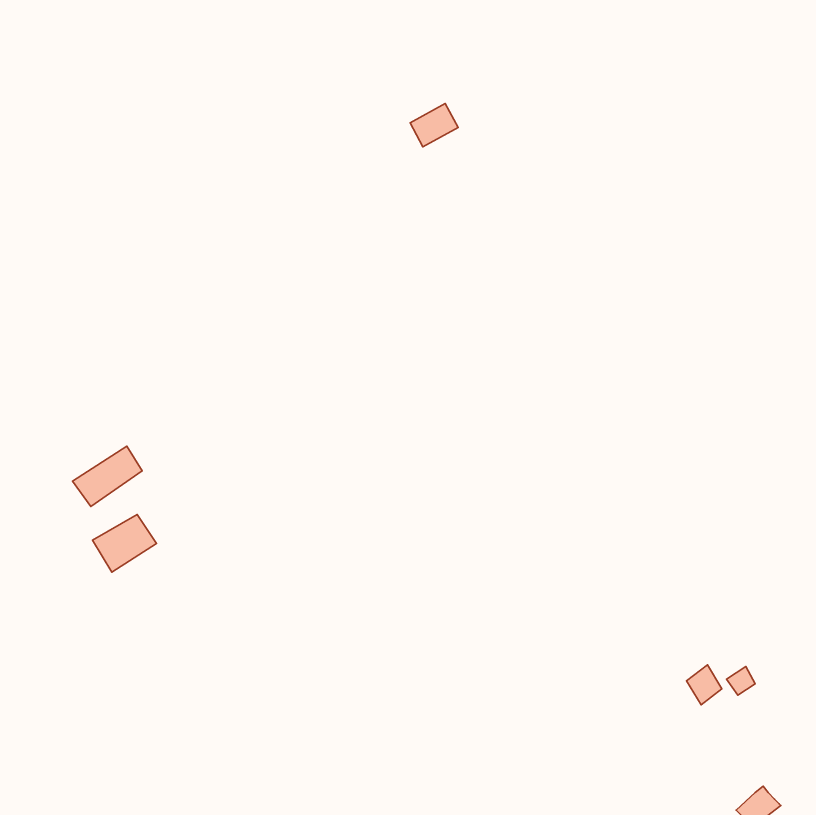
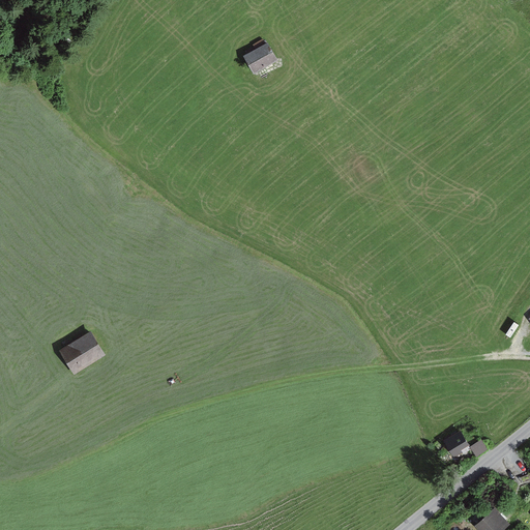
building: [410,104,458,147] -> [243,45,274,72]
building: [73,446,142,507] -> none

